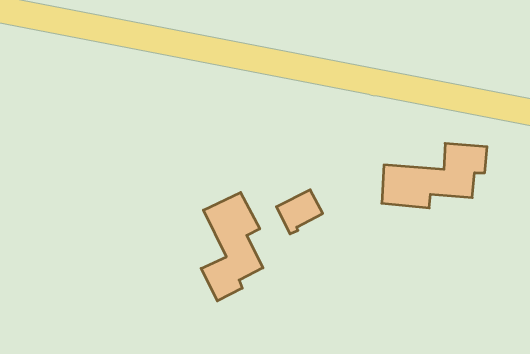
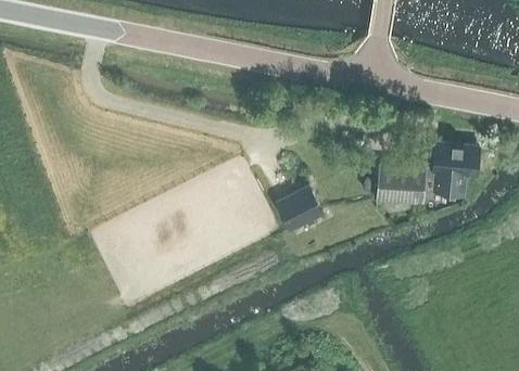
building: [201,192,263,301] -> none

